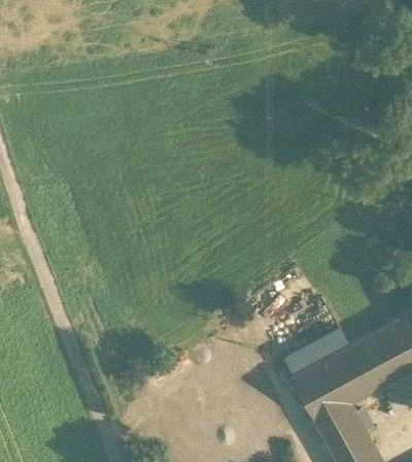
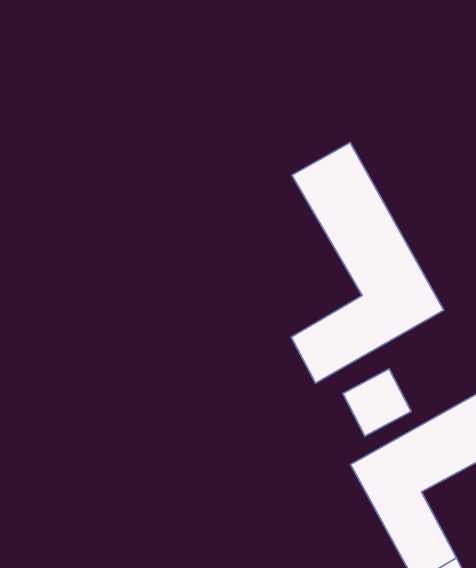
building: none -> [291,143,444,383]

